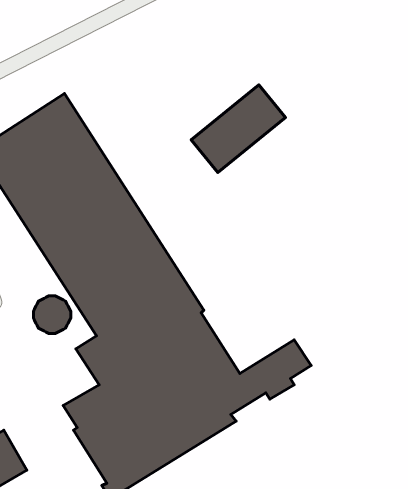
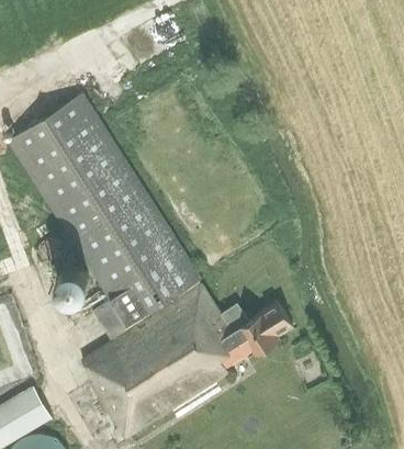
building: [191,85,285,172] -> none

